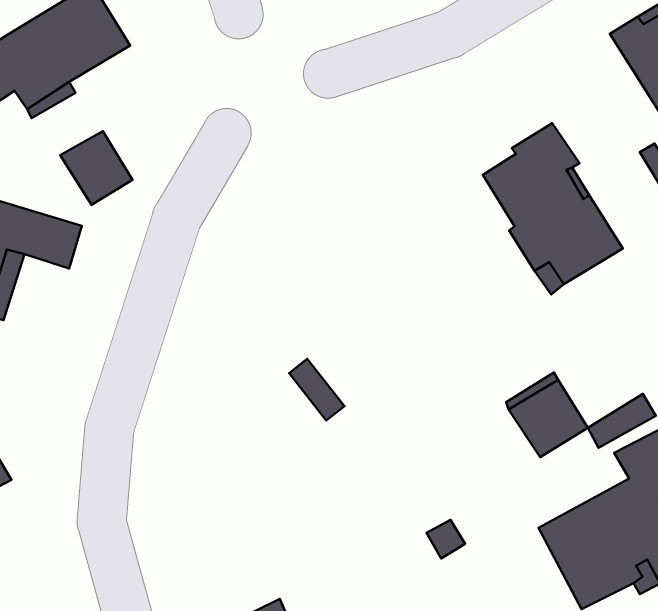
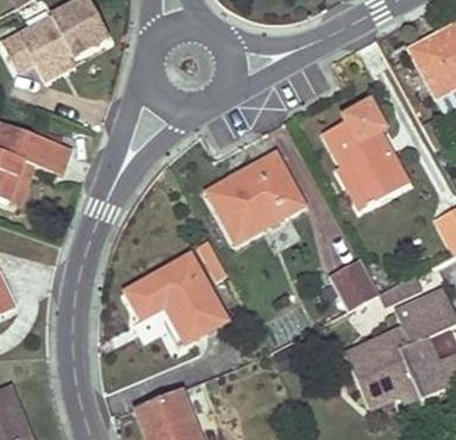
building: [60,131,133,205] -> none
building: none -> [207,153,301,241]
building: none -> [126,256,225,341]

